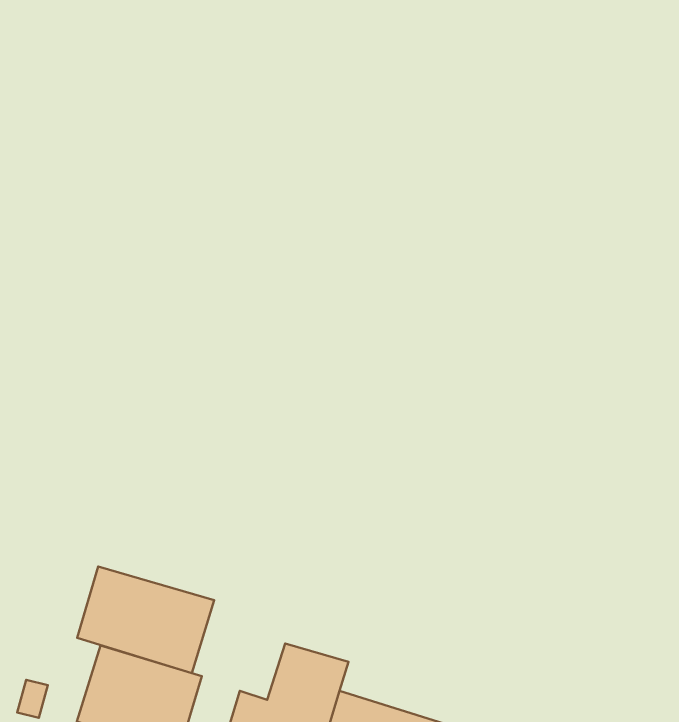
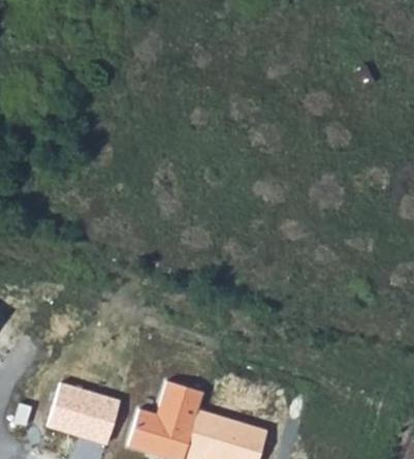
building: [77,566,214,673] -> none

